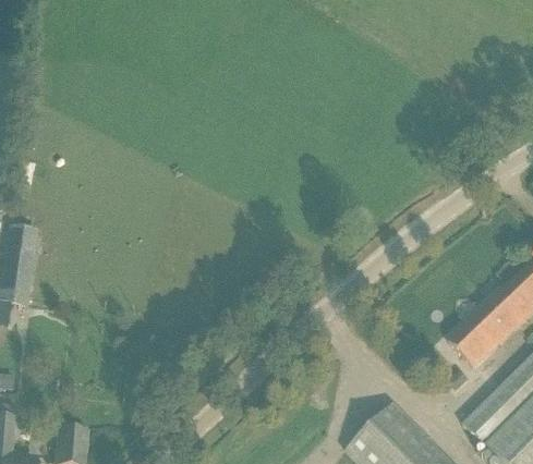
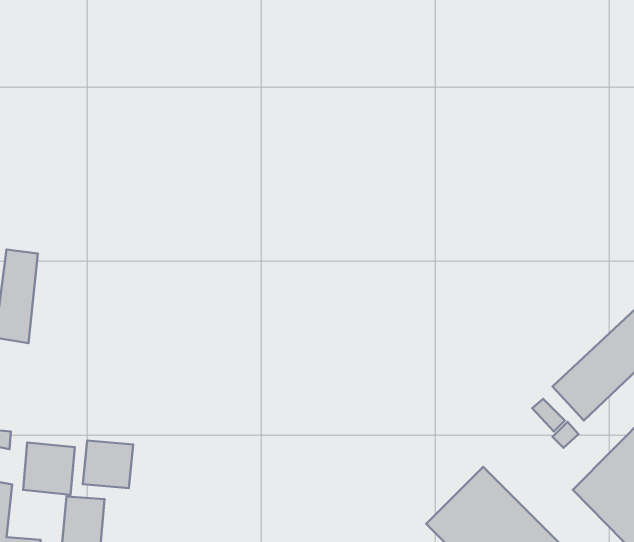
building: none -> [83,441,133,488]
building: none -> [23,442,75,495]

